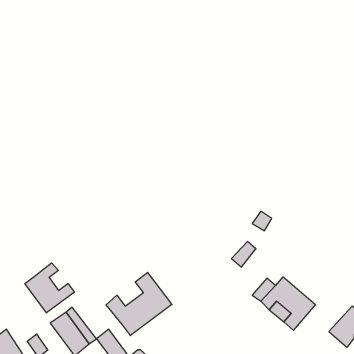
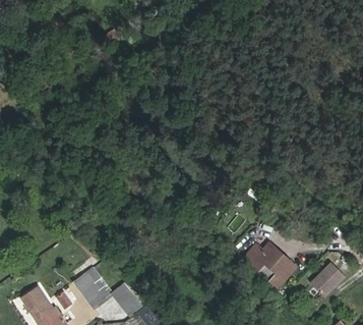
building: [25,263,74,313] -> none
building: [106,272,172,336] -> none

